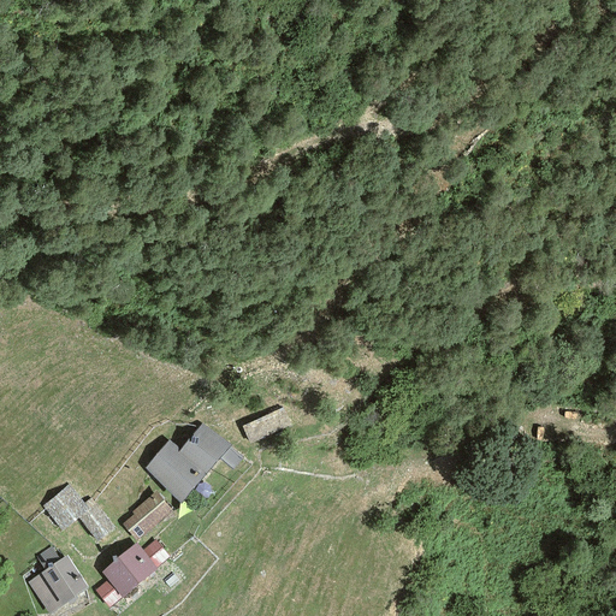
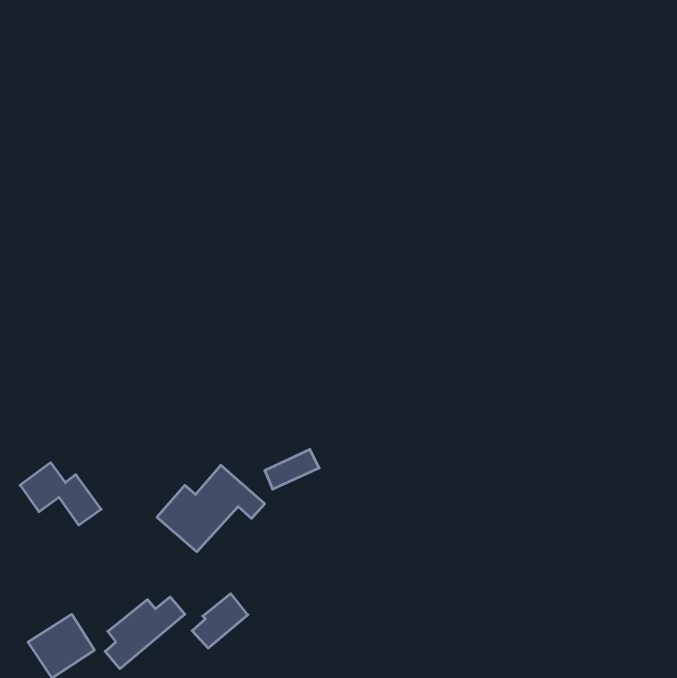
building: [43,484,117,540] -> [20,463,101,525]
building: [122,491,172,540] -> [192,594,248,648]

